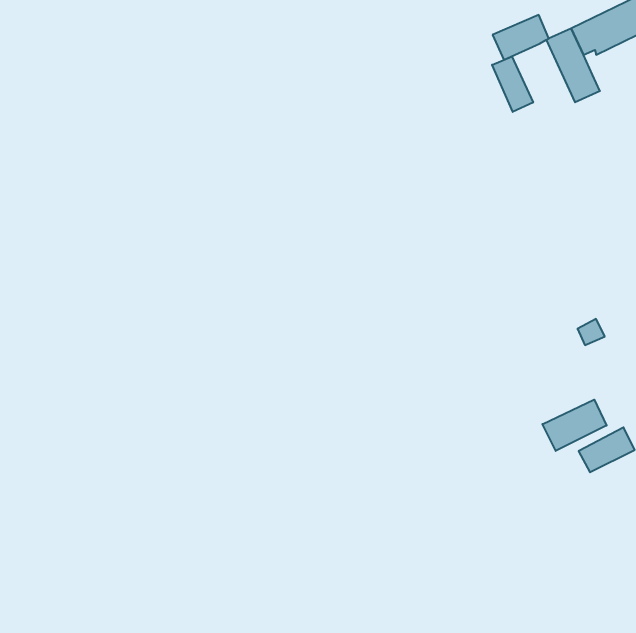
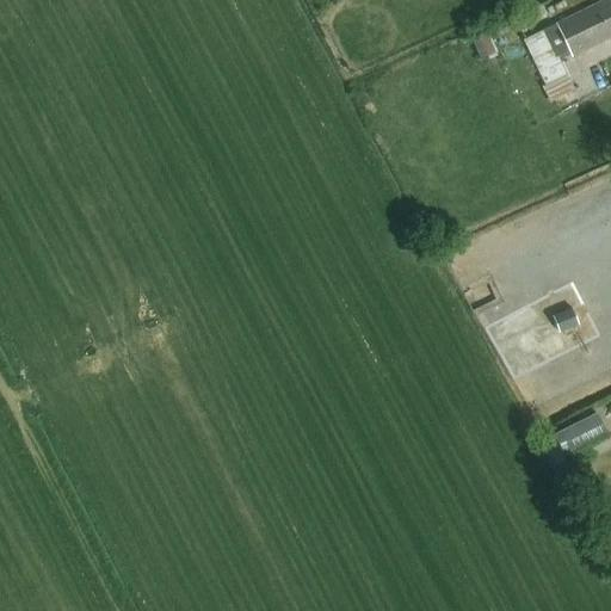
building: [492,56,533,112] -> none
building: [542,400,607,451] -> none

